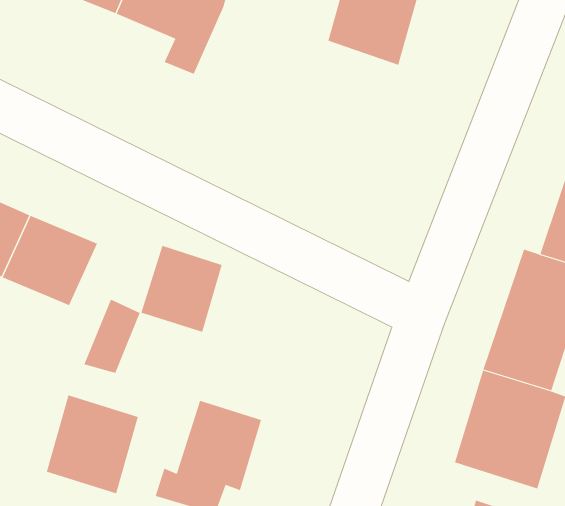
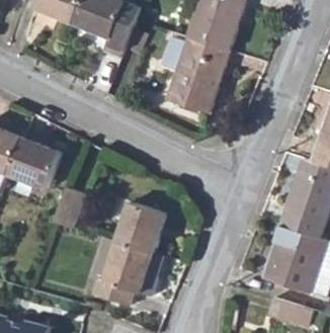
building: none -> [170,36,231,111]
building: [141,245,223,333] -> [117,202,164,252]
building: [46,394,139,494] -> none

